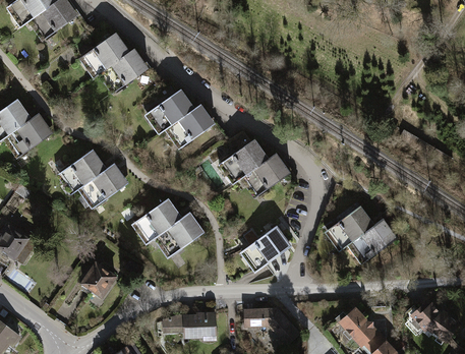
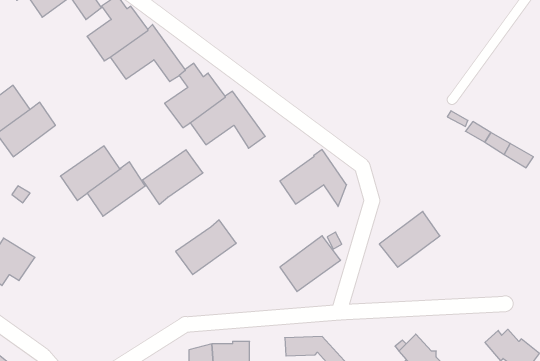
building: [218,131,269,184] -> none
building: [131,198,182,244] -> [142,150,203,204]
building: [347,218,397,264] -> none
building: [80,262,115,297] -> none

